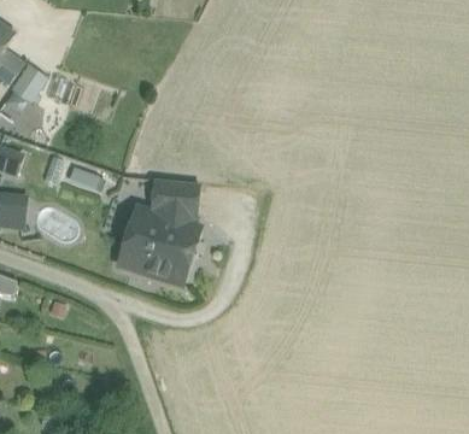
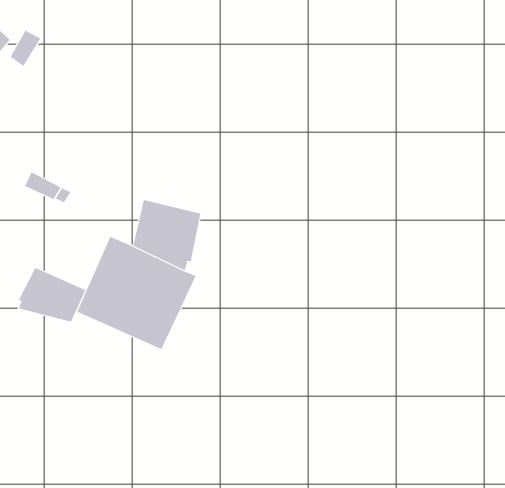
building: none -> [18,267,86,323]

